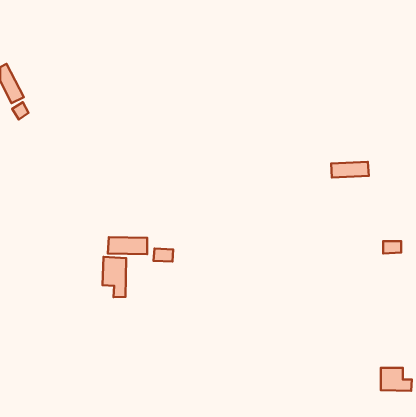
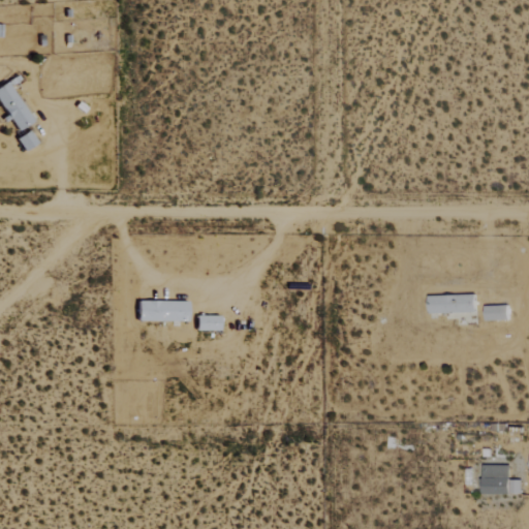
building: [331,162,369,177] -> [430,293,477,313]
building: [102,257,126,297] -> none

